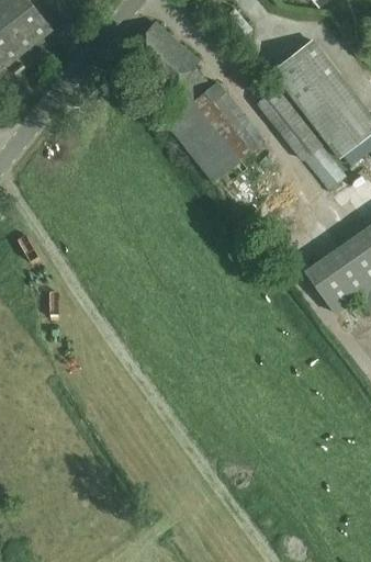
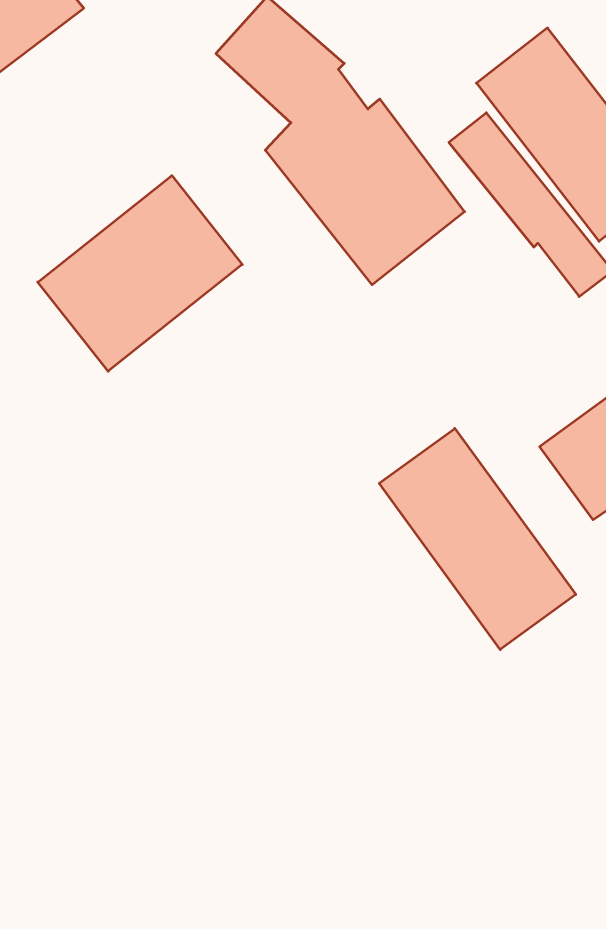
building: none -> [38,176,242,371]
building: none -> [379,428,576,650]

